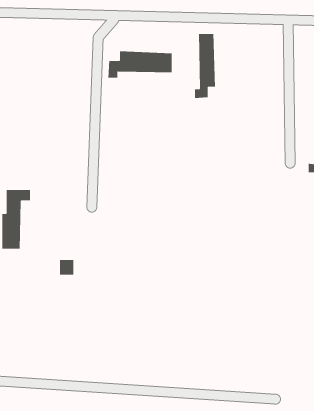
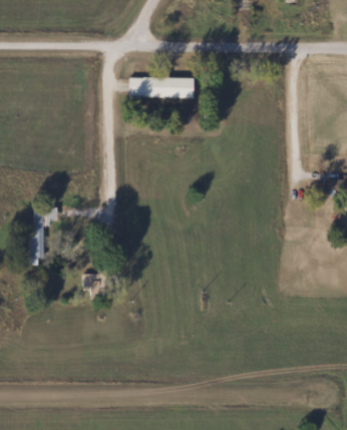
building: [195,33,215,99] -> none

